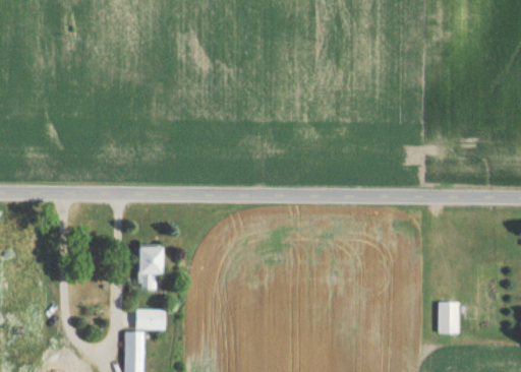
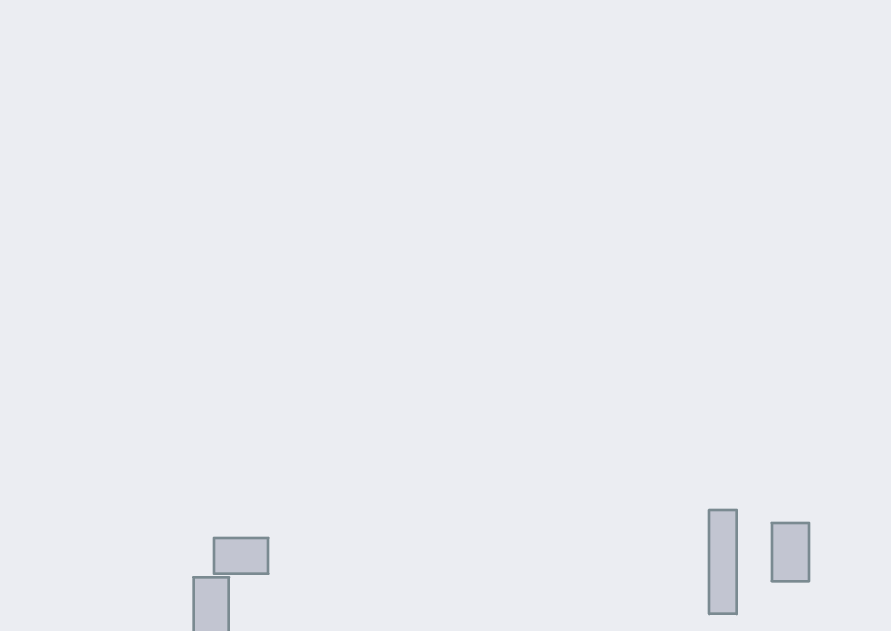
building: [137,245,160,288] -> none
building: none -> [709,510,737,614]

